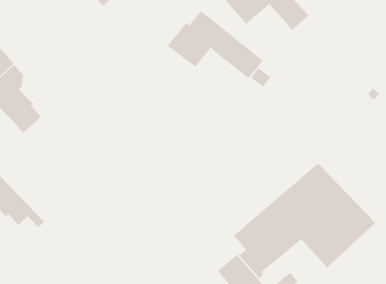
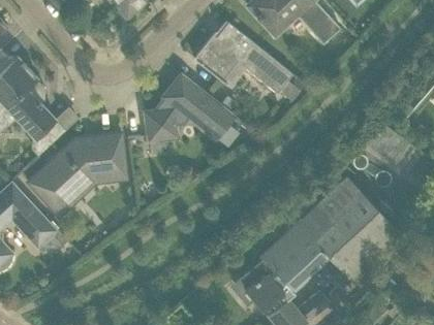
building: none -> [144,73,234,141]
building: none -> [25,132,126,218]

